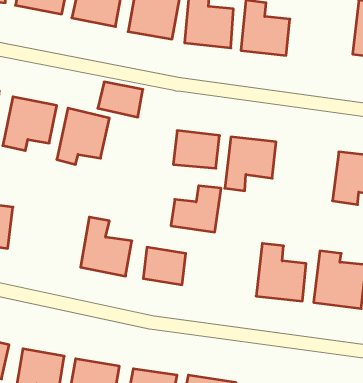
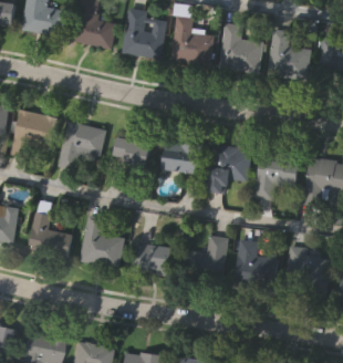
building: none -> [268,29,310,79]
building: [98,82,143,117] -> [112,137,152,168]
building: none -> [254,152,300,199]
building: [171,186,221,232] -> [185,235,229,276]
building: none -> [30,211,73,258]

